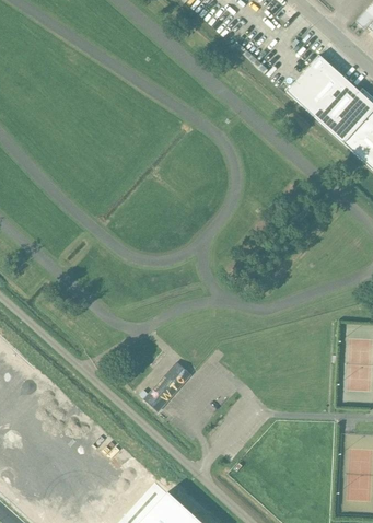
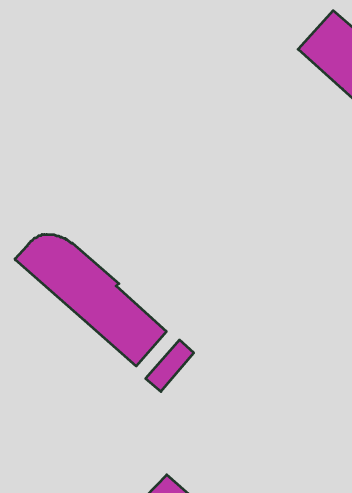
building: none -> [15,234,166,366]

